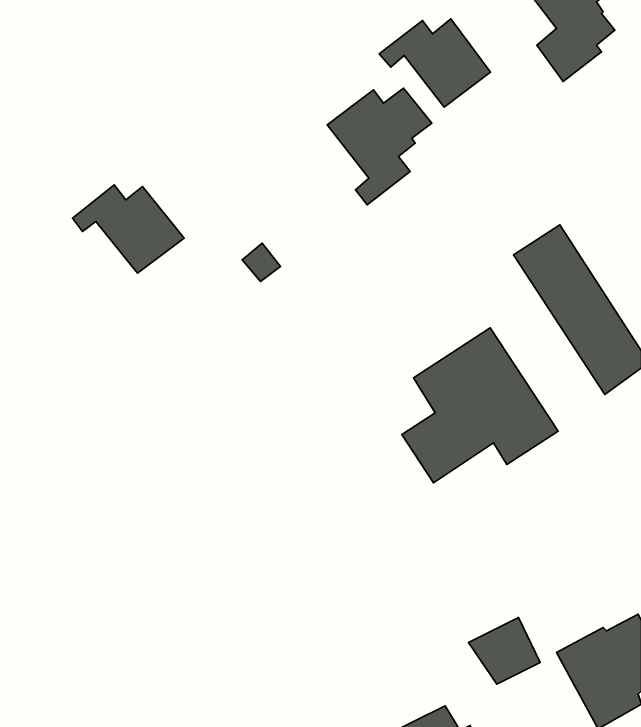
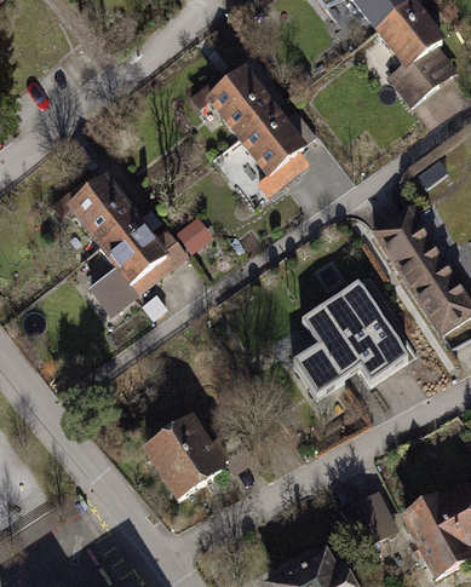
building: [379,19,491,107] -> [193,73,274,137]
building: none -> [93,219,186,315]
building: none -> [148,424,254,499]

